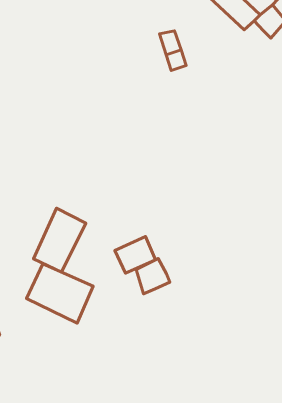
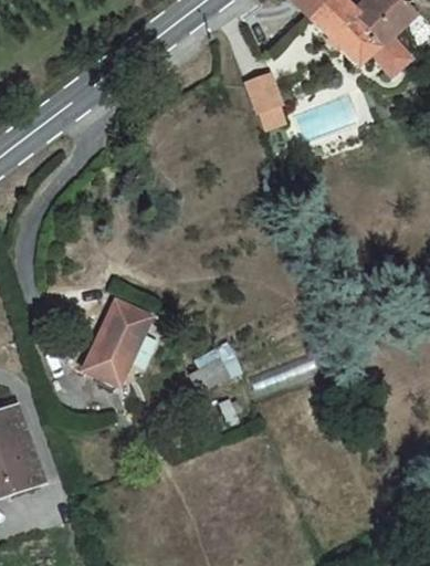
building: [136,258,170,294] -> none
building: [26,264,93,323] -> none

